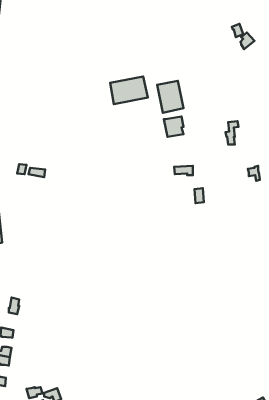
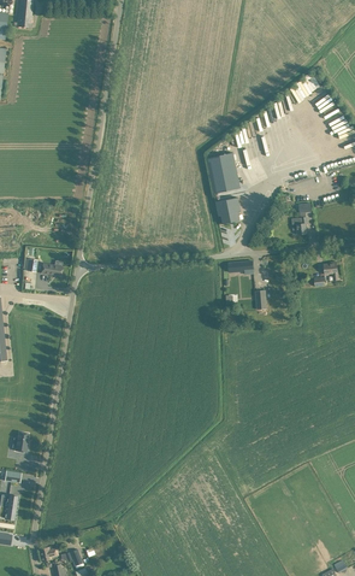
building: [110,76,148,104] -> none

